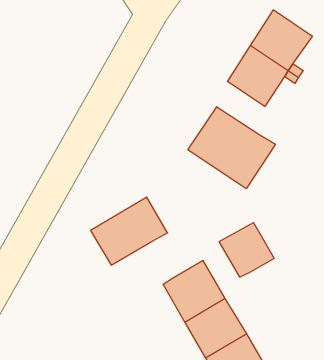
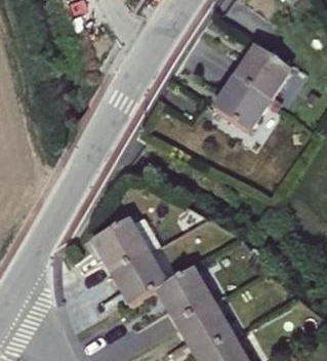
building: [188,107,275,189] -> none
building: [219,223,274,277] -> none
building: none -> [112,249,167,305]

